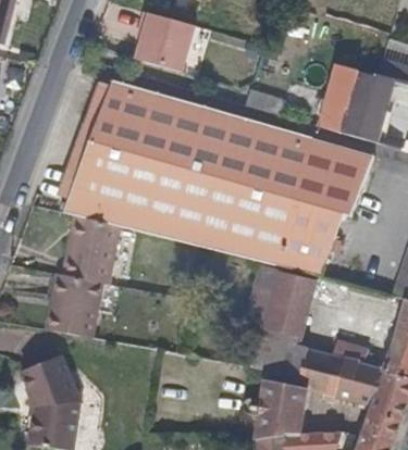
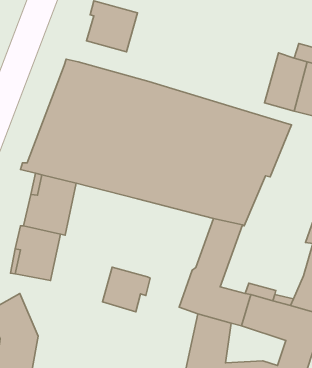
building: [314,67,358,133] -> none
building: none -> [102,267,150,312]

